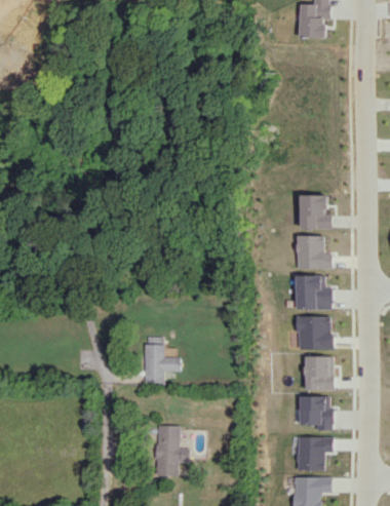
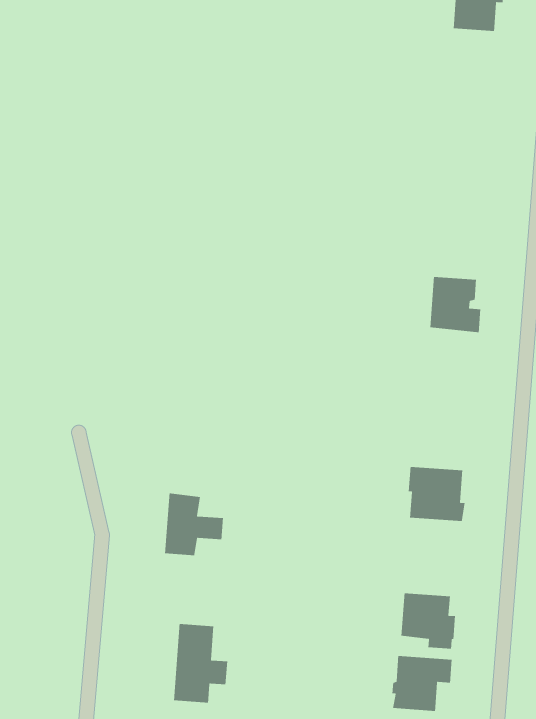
building: [297,235,334,269] -> none
building: [297,275,333,309] -> none
building: [303,356,332,390] -> none

